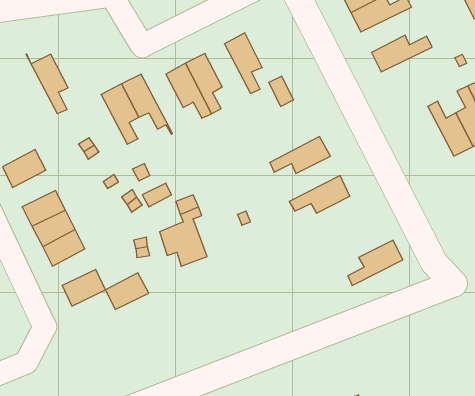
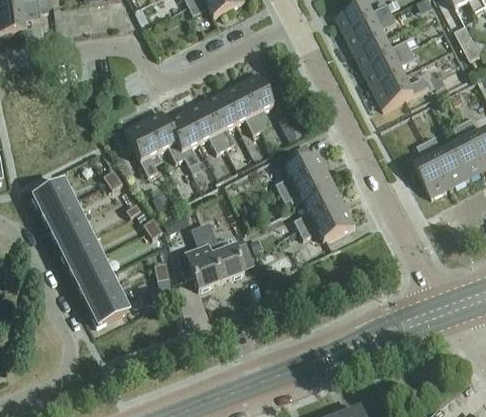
building: none -> [364,48,416,90]
building: none -> [220,82,262,133]
building: [26,54,68,114] -> [161,110,200,165]
building: none -> [415,140,450,196]
building: none -> [275,150,326,192]
building: none -> [42,199,82,233]
building: none -> [209,236,244,279]
building: [348,240,403,286] -> [294,186,345,228]
building: [105,273,149,309] -> [79,272,119,306]

